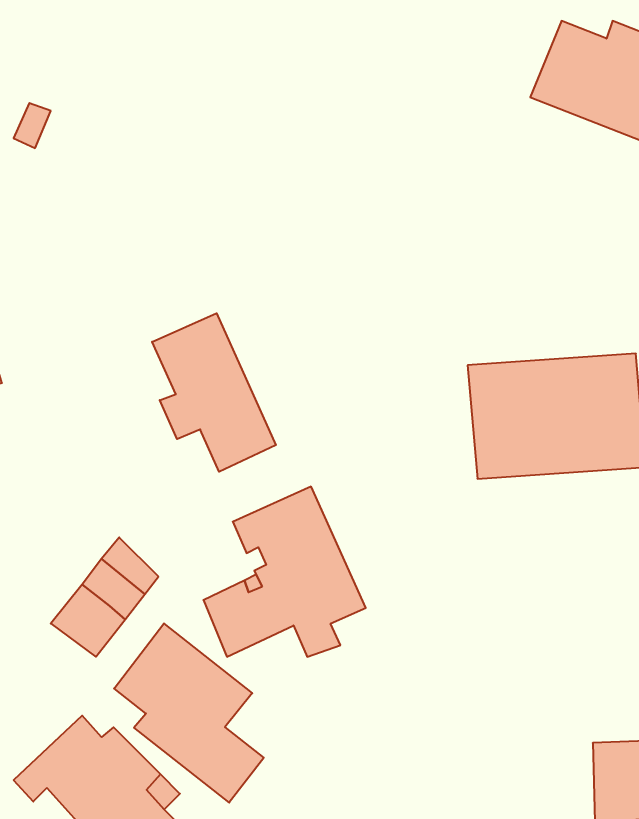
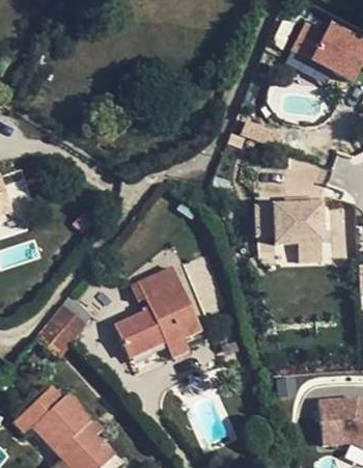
building: [152,313,276,472] -> none
building: [114,623,264,803] -> none

